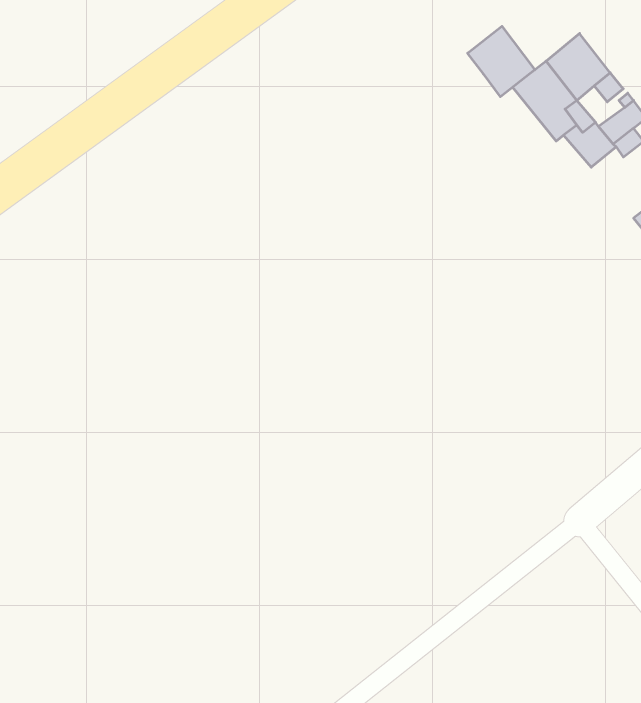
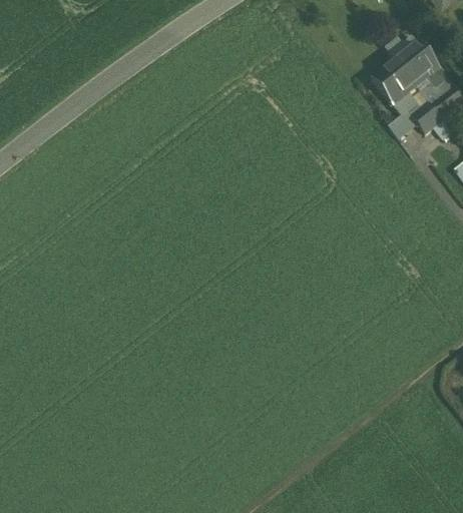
building: [468,26,535,97] -> none

